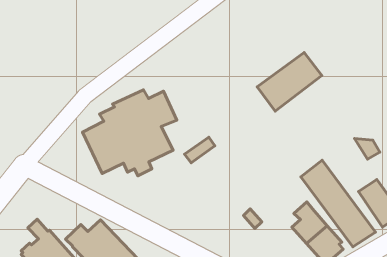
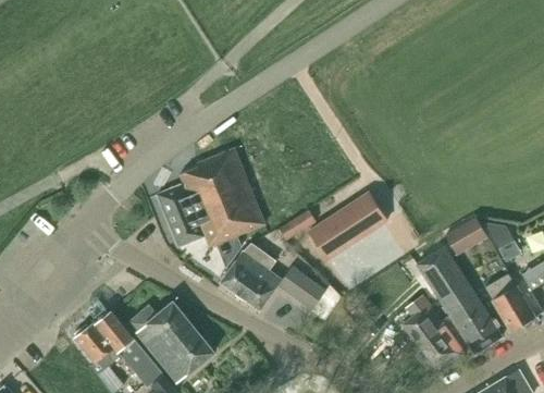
building: [257,52,322,111] -> [309,192,387,260]
building: none -> [445,218,486,255]
building: none -> [221,242,326,309]

